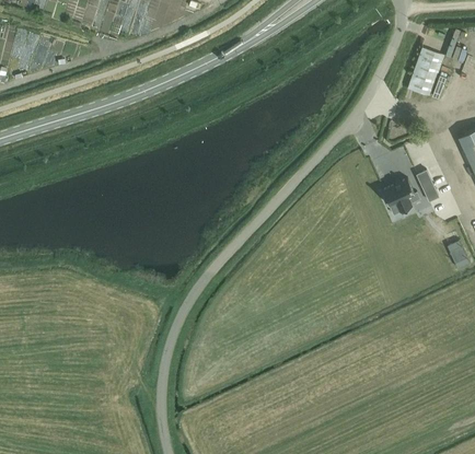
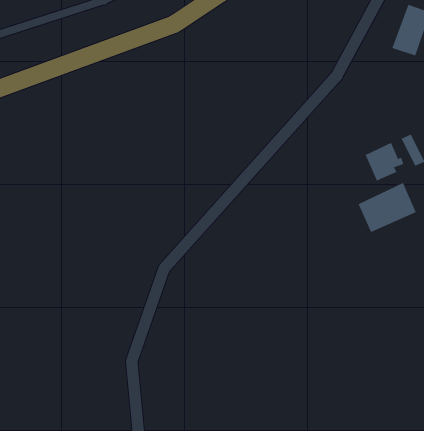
building: none -> [358,182,416,233]

